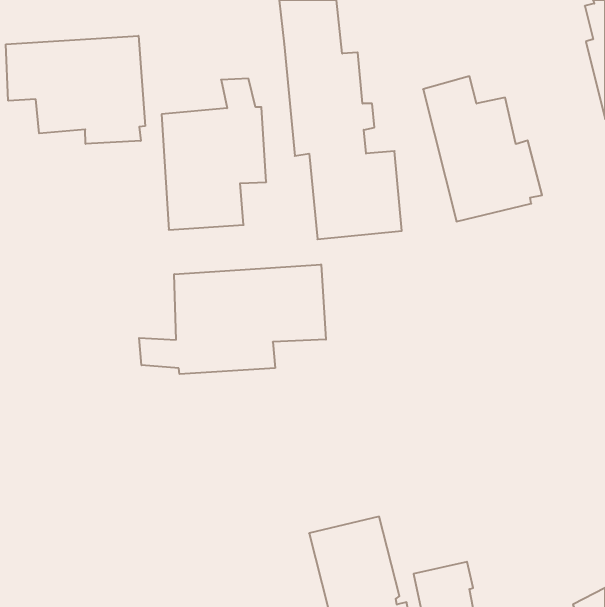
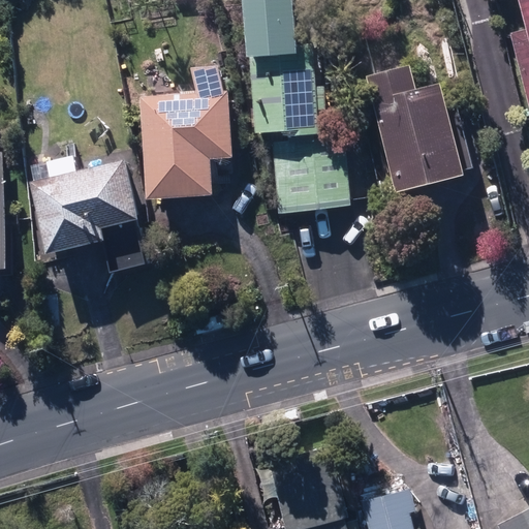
building: [6,36,145,144] -> none
building: none -> [30,163,146,274]
building: [139,264,326,374] -> none

